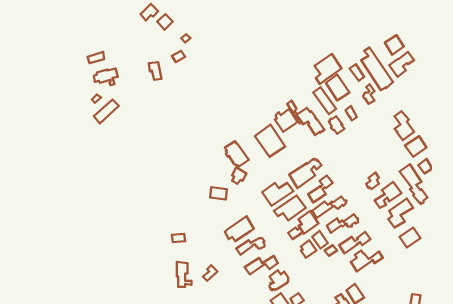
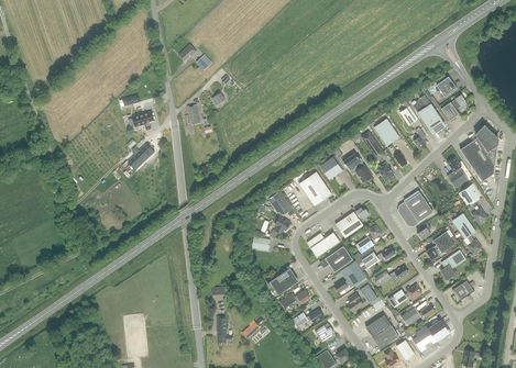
building: [315,54,341,84] -> none
building: none -> [460,124,498,180]
building: none -> [398,191,433,224]
building: none -> [365,313,398,348]
building: none -> [411,320,449,350]

